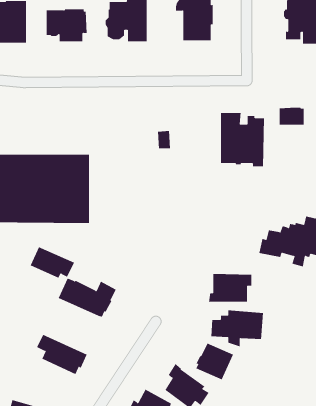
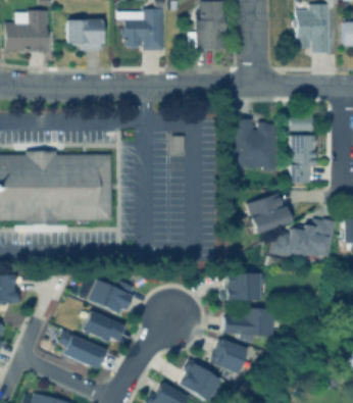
building: none -> [290,135,317,182]
building: none -> [248,193,293,234]
building: [30,246,75,278] -> [82,311,124,342]

